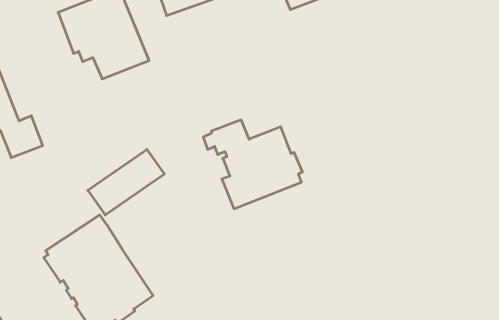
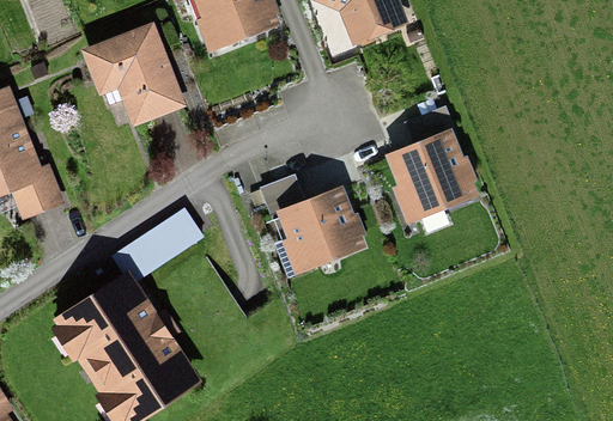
building: none -> [384,105,478,222]

